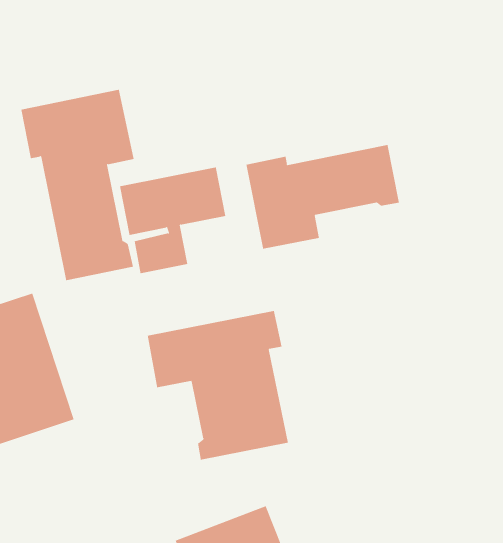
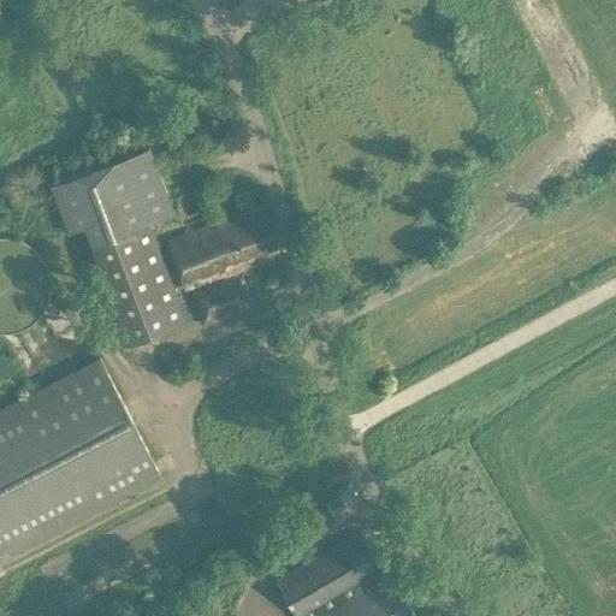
building: [246,144,400,249] -> none
building: [147,310,288,461] -> none

